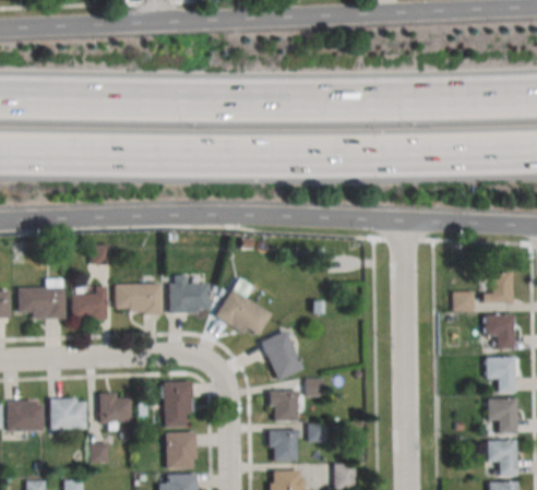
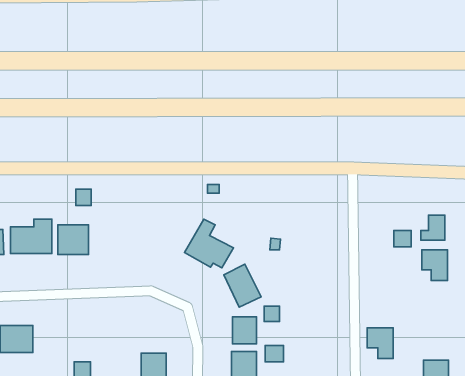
building: [169,280,210,313] -> none
building: [116,284,162,313] -> none
building: [487,357,517,393] -> none
building: [163,382,193,428] -> none
building: [99,394,133,426] -> none
building: [50,398,86,430] -> none
building: [488,398,517,433] -> [367,328,393,358]

